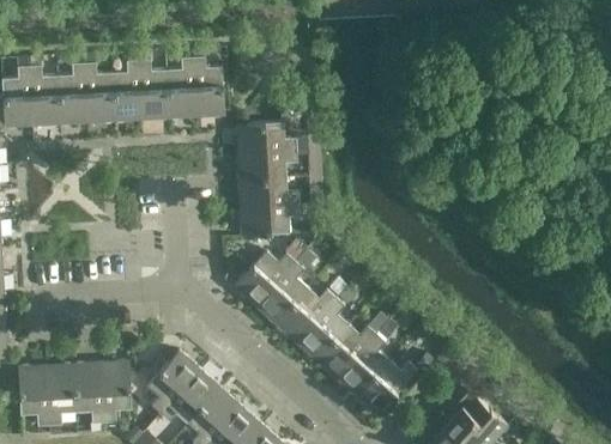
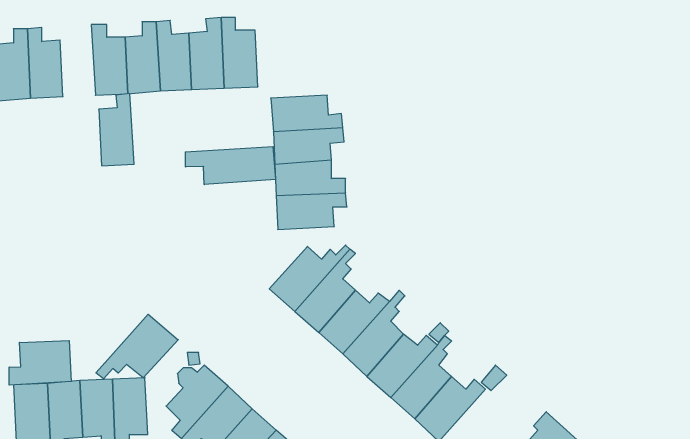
building: [58,61,87,122] -> [99,94,134,166]
building: none -> [185,147,276,185]
building: none -> [96,314,178,379]
building: none -> [9,341,71,385]

